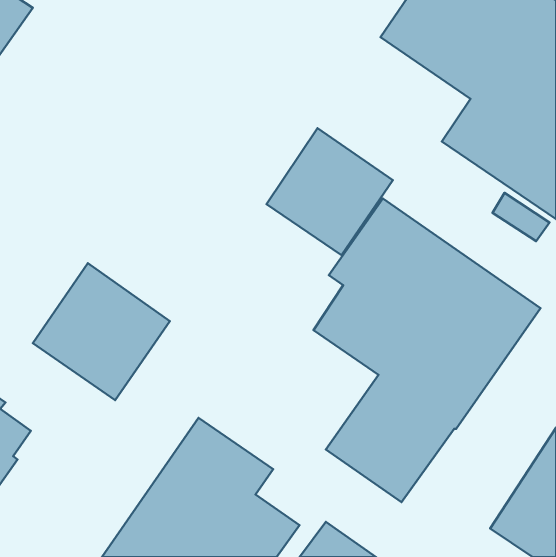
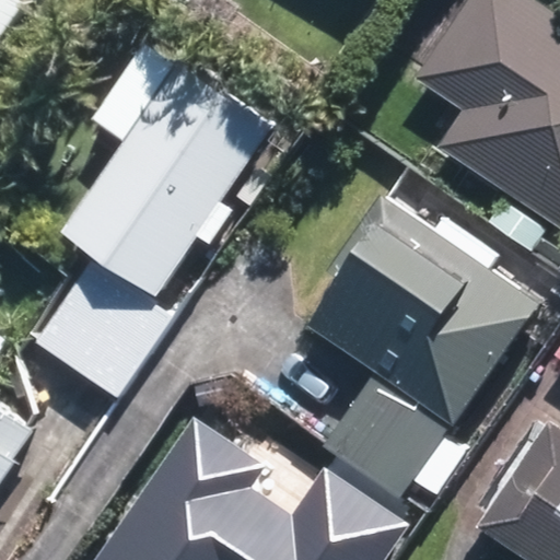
building: none -> [59,60,272,298]
building: [267,128,393,255] -> none

